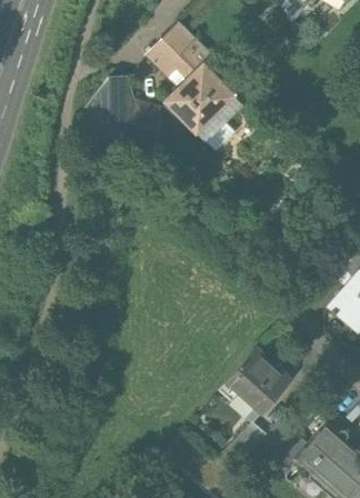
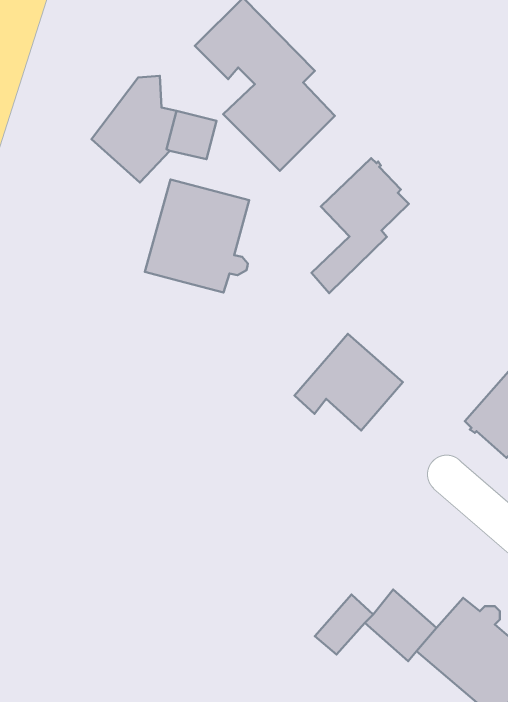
building: none -> [312,158,409,293]
building: none -> [145,180,249,292]
building: [218,348,290,412] -> [294,334,403,430]

